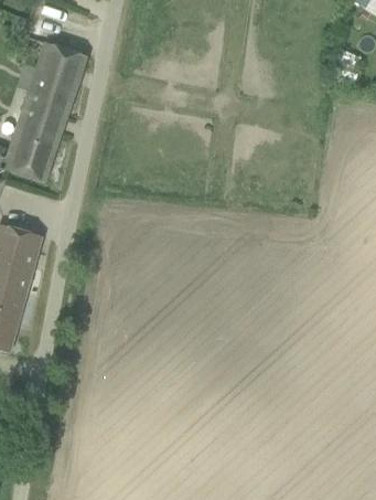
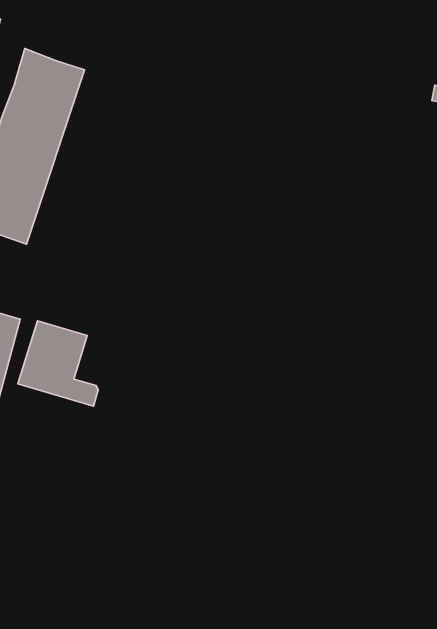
building: none -> [18,321,98,406]

